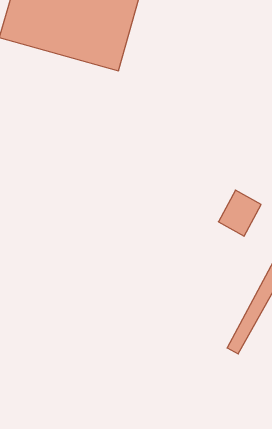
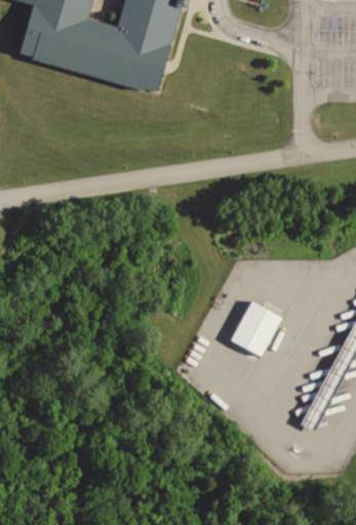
building: [218,190,261,236] -> [225,300,276,356]

